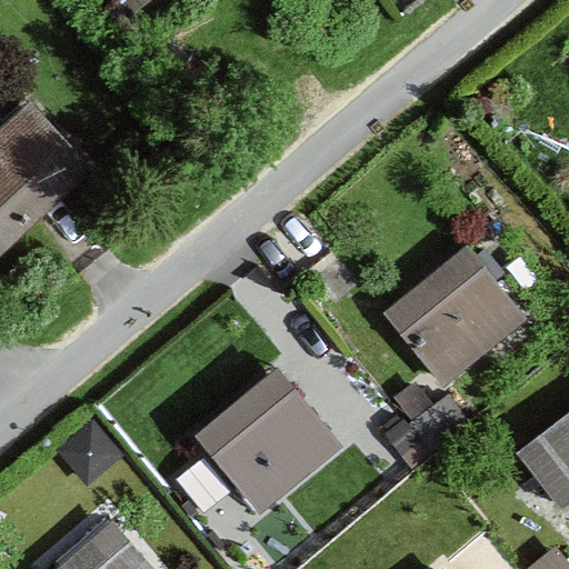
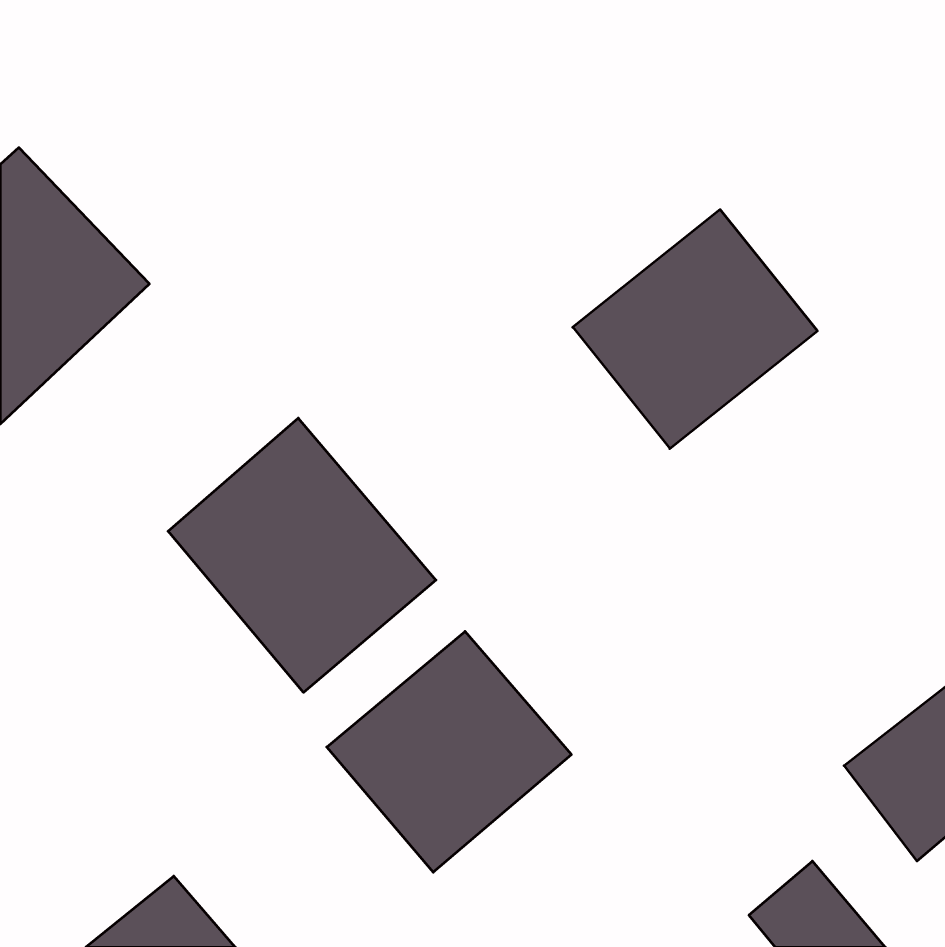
building: [377,244,522,387] -> [573,210,817,449]
building: none -> [168,418,436,692]

